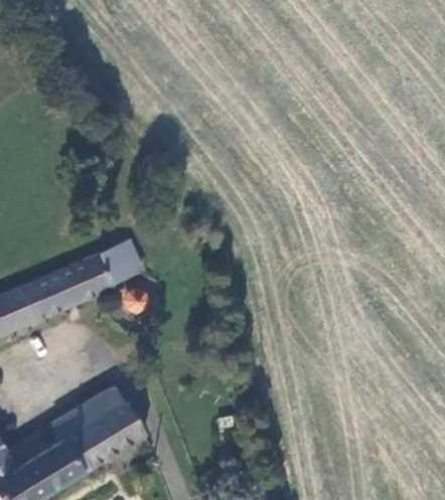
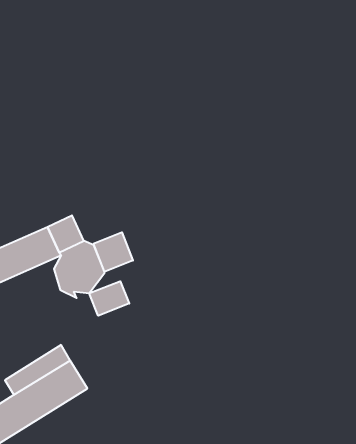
building: none -> [94,232,133,272]
building: none -> [89,281,129,316]

